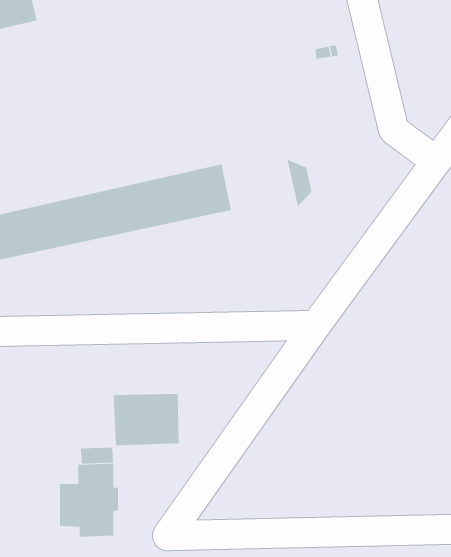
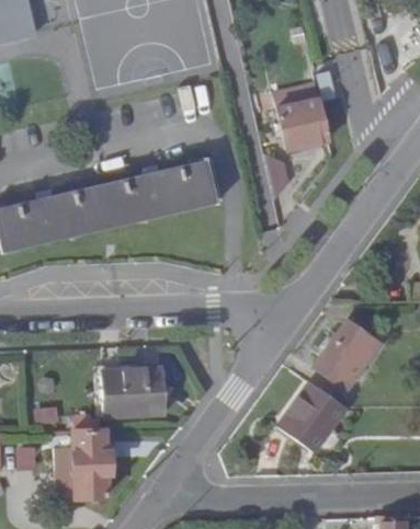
building: none -> [274,99,328,147]
building: none -> [315,321,383,394]
building: none -> [276,384,345,456]

